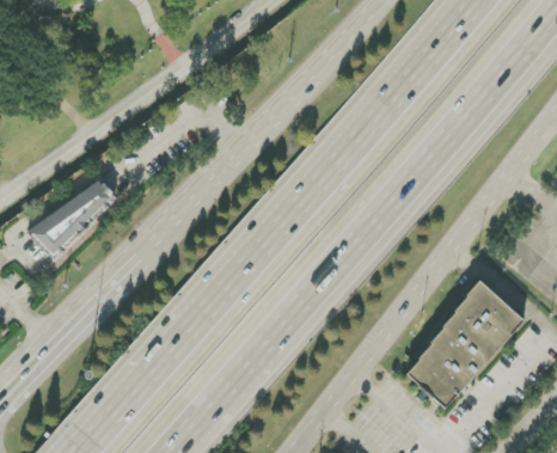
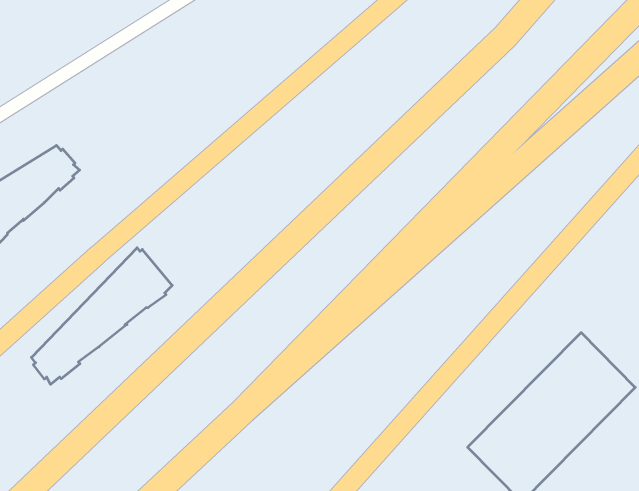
building: none -> [31,248,172,384]

